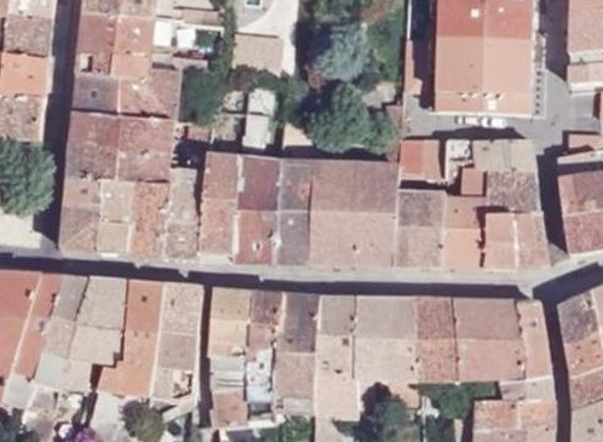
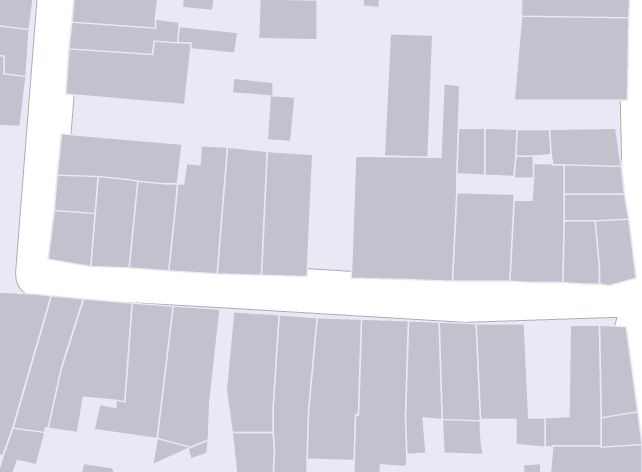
building: [71,110,211,154] -> none
building: [274,160,314,262] -> [384,34,433,157]
building: [453,299,490,377] -> none

